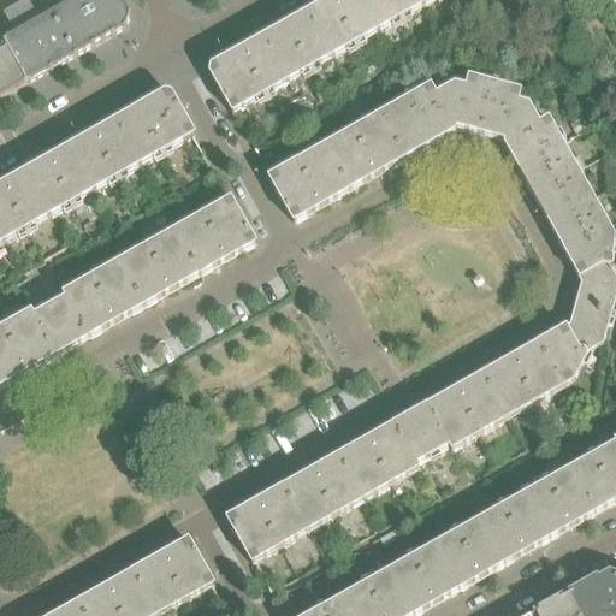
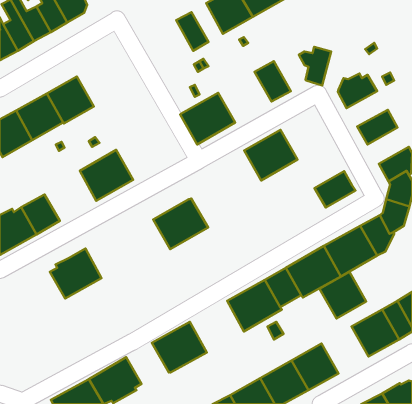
building: [285,5,332,63] -> none
building: [209,30,288,106] -> none
building: [480,77,535,134] -> none
building: [408,78,460,136] -> none
building: [114,85,194,159] -> none
building: [325,107,404,183] -> [244,130,298,181]
building: [516,136,578,189] -> none
building: [547,190,609,244] -> [314,171,356,207]
building: [173,192,255,268] -> [153,198,208,249]
building: [66,255,143,330] -> [50,248,102,298]
building: [283,449,363,526] -> none
building: [479,487,549,557] -> [319,272,366,319]

